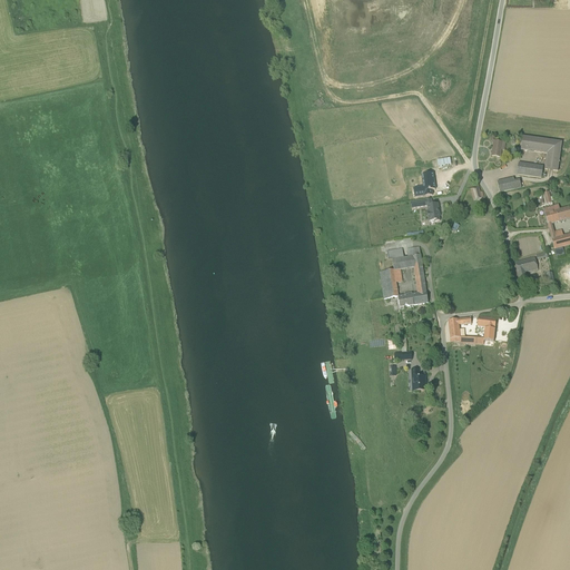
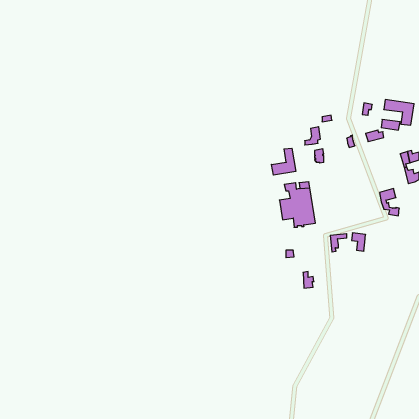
building: none -> [271,148,296,175]

